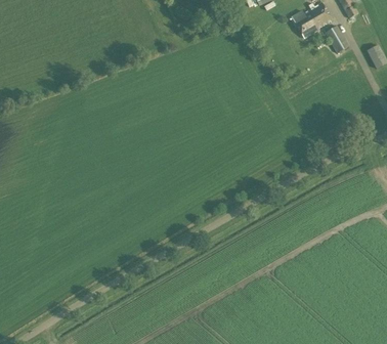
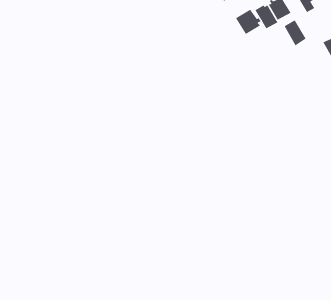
building: none -> [235,9,261,35]

